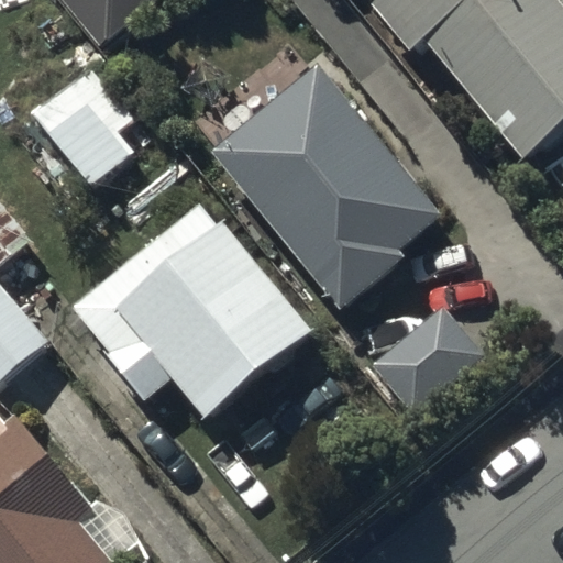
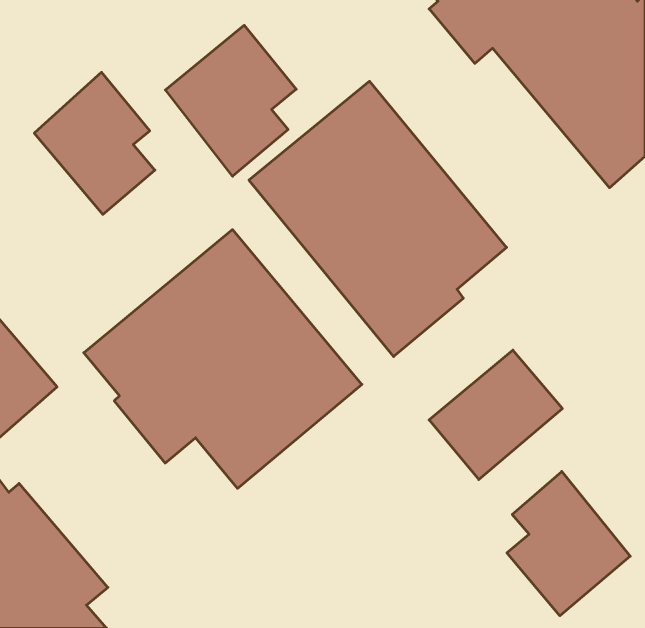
building: none -> [165,25,296,176]
building: none -> [507,471,630,616]

